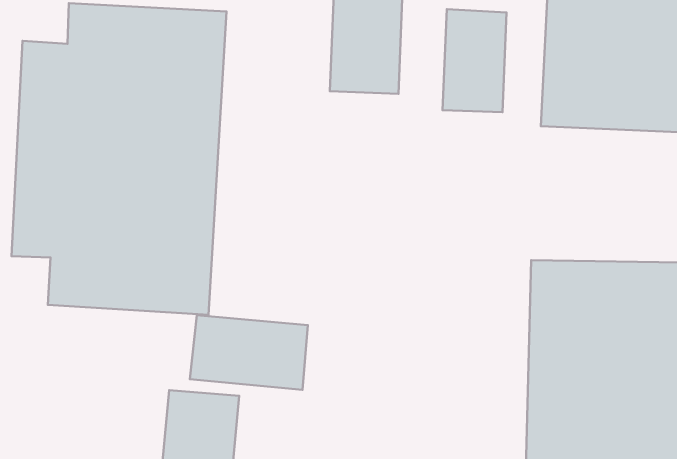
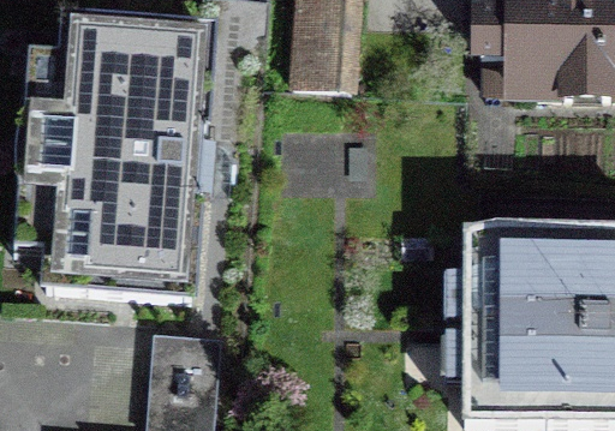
building: [443,9,506,112] -> none
building: [190,315,308,390] -> none

